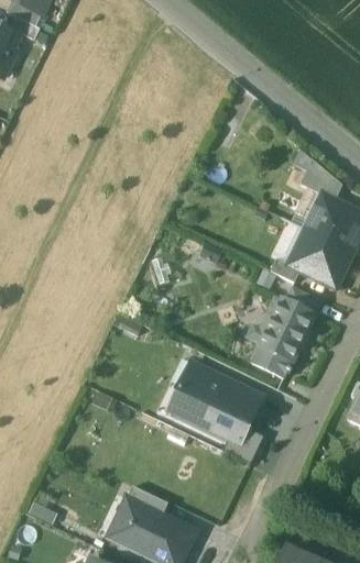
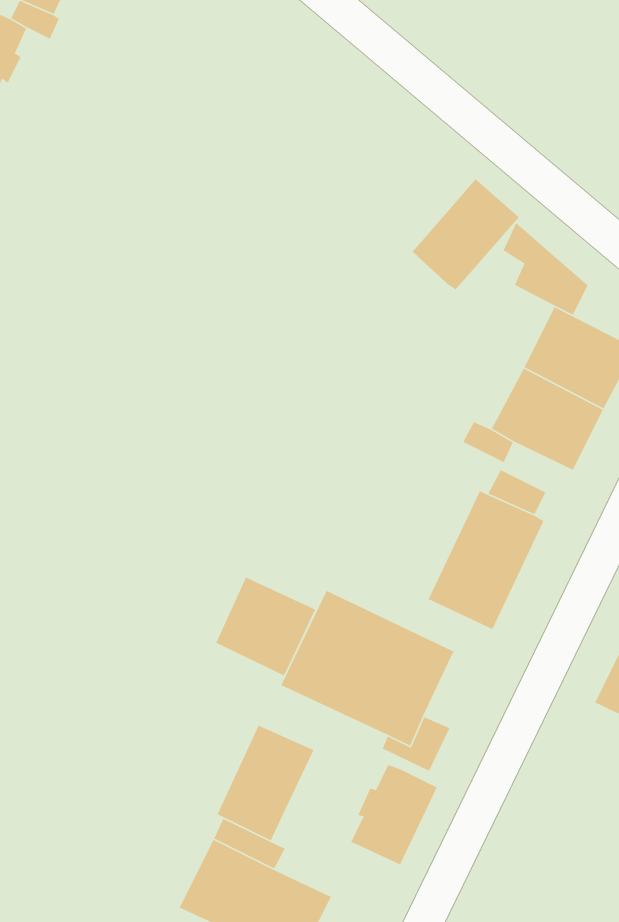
building: none -> [412,178,520,291]
building: none -> [215,577,316,677]
building: none -> [216,725,314,841]
building: none -> [350,764,438,866]

